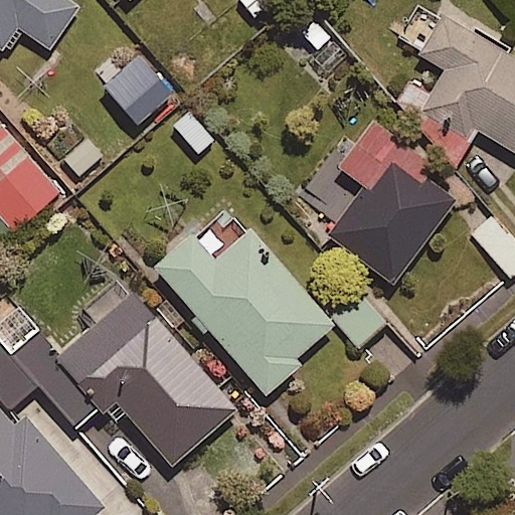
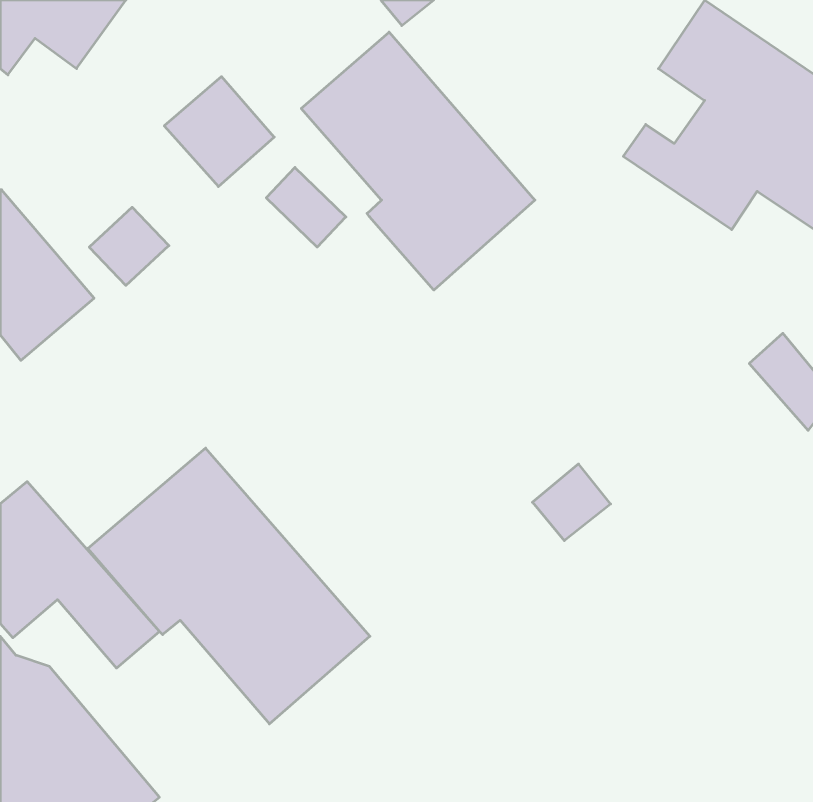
building: none -> [301,32,535,290]
building: [326,121,458,280] -> none
building: [155,203,331,393] -> none

